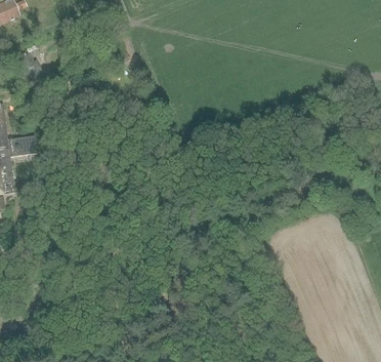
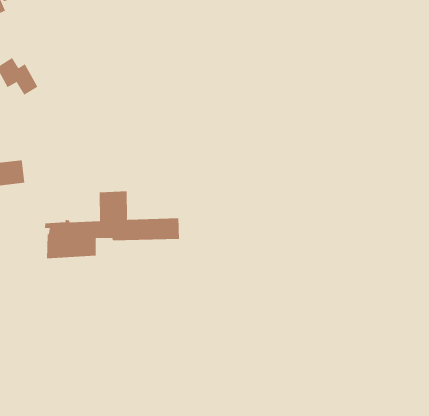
building: none -> [44,191,180,259]

